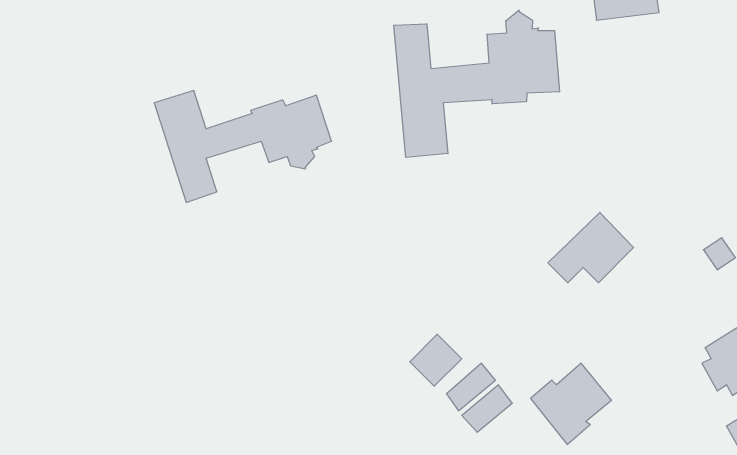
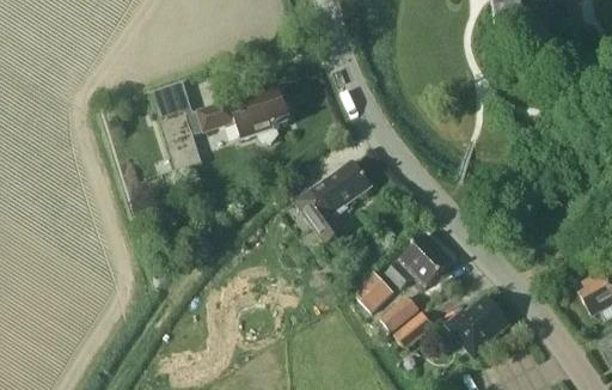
building: [394,10,560,157] -> none
building: none -> [294,159,371,244]
building: [548,212,634,283] -> [385,232,452,287]

